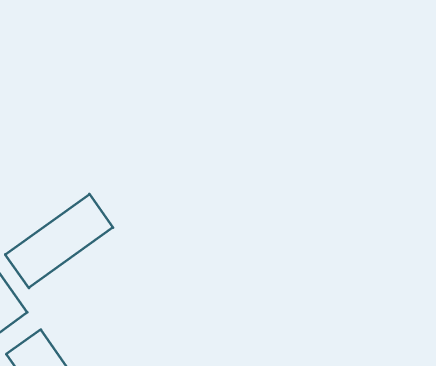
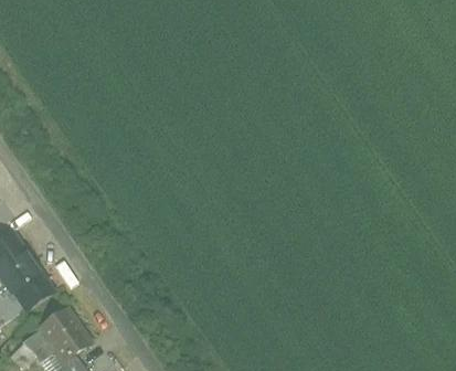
building: [5,194,113,288] -> none

